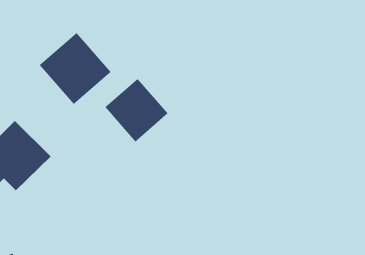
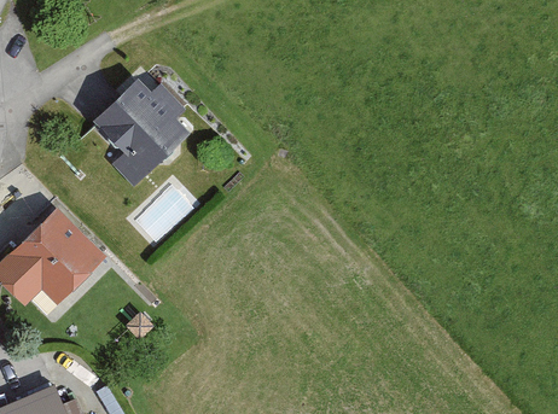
building: [105,78,169,142] -> none

